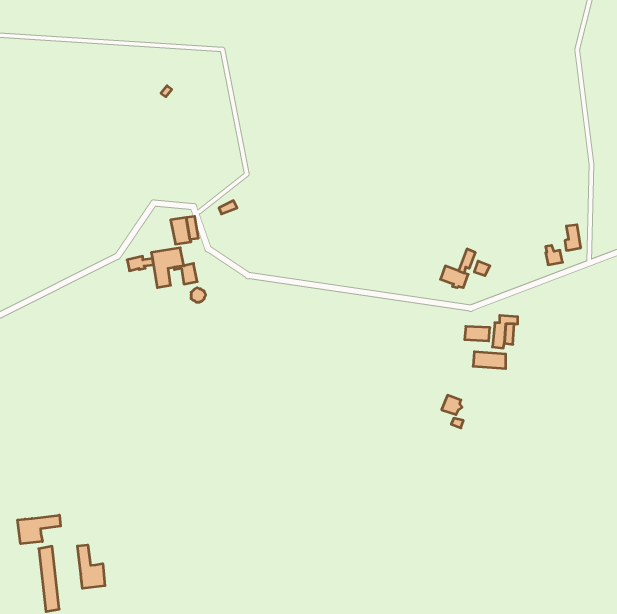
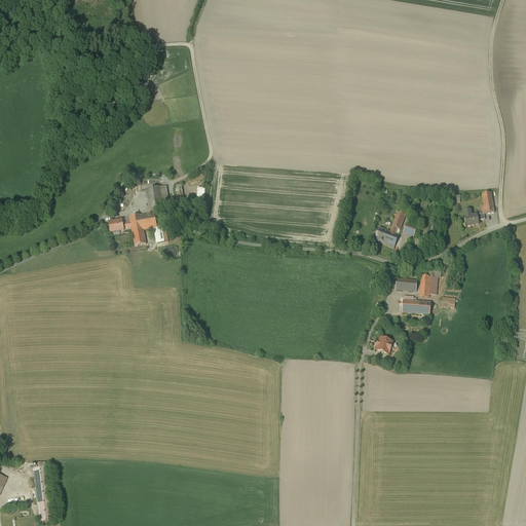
building: [18,515,61,544] -> none
building: [77,545,105,588] -> none

